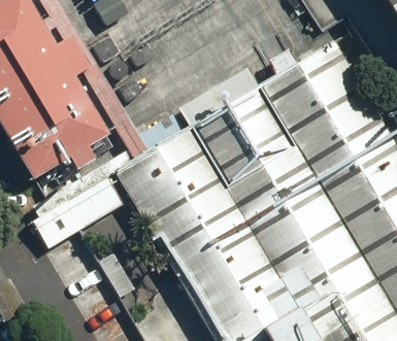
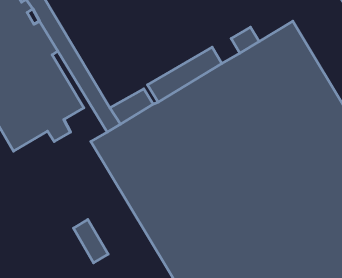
building: [32,176,124,248] -> none

